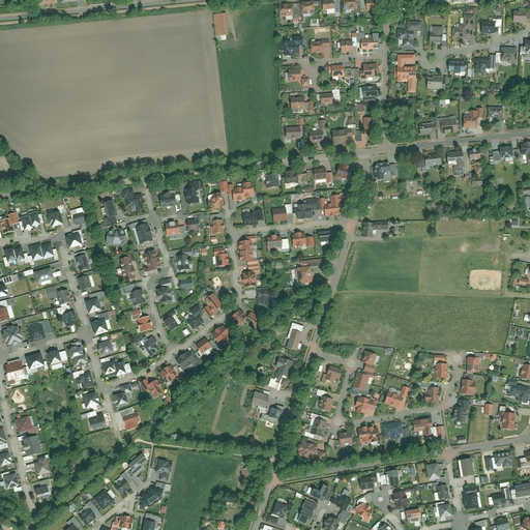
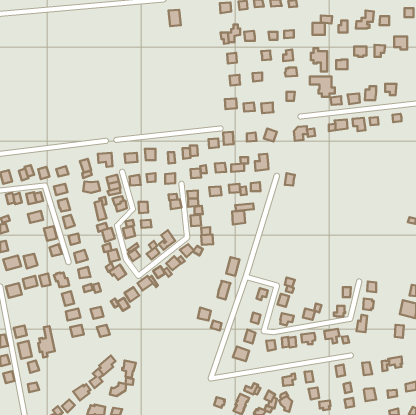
building: none -> [310,76,335,97]
building: none -> [38,326,55,358]

